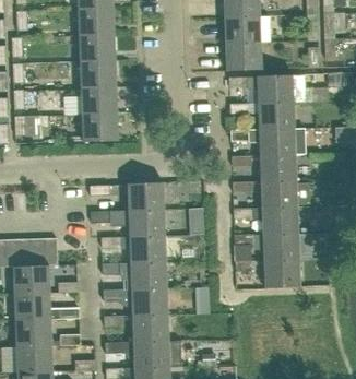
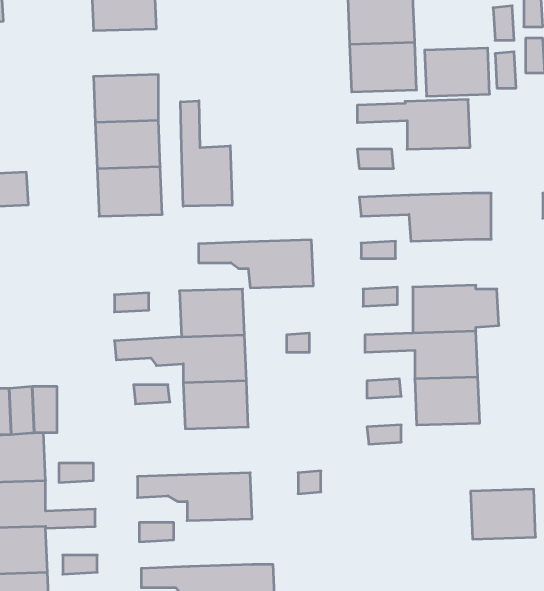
building: [79,34,116,61] -> none
building: none -> [181,101,232,206]
building: [258,102,295,129] -> [425,48,490,96]
building: [260,154,297,181] -> none
building: [263,259,300,287] -> [471,489,536,539]
building: [103,261,168,288] -> [199,240,313,288]
building: [132,313,169,341] -> none

